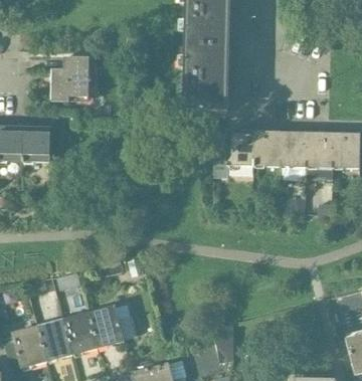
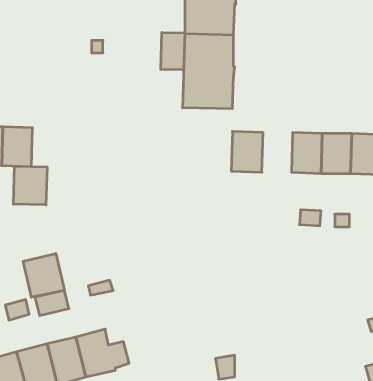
building: none -> [161,32,185,70]
building: [50,56,88,101] -> none
building: [253,131,281,166] -> none
building: none -> [13,166,47,205]
building: none -> [23,253,64,297]

